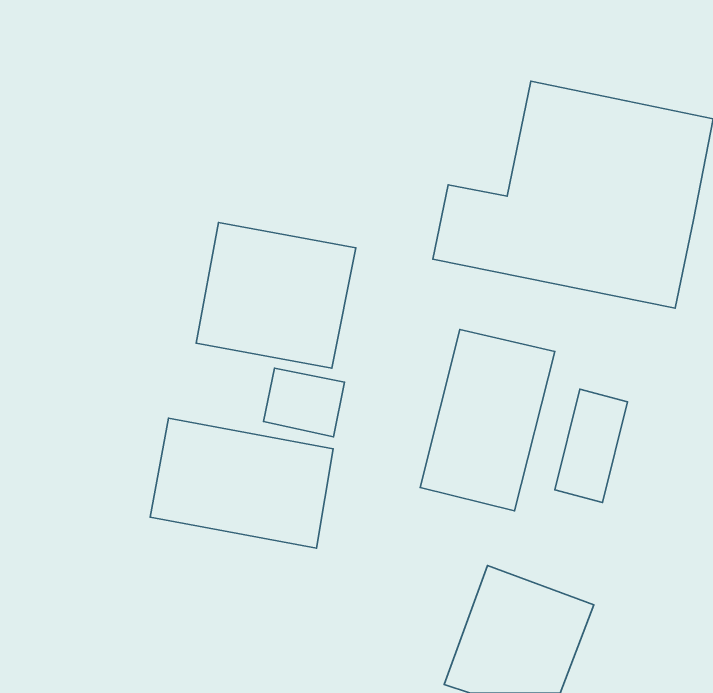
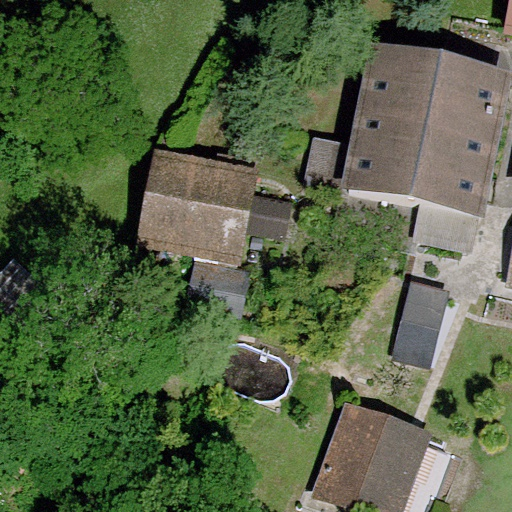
building: [420,329,555,511] -> none
building: [150,418,333,548] -> none

